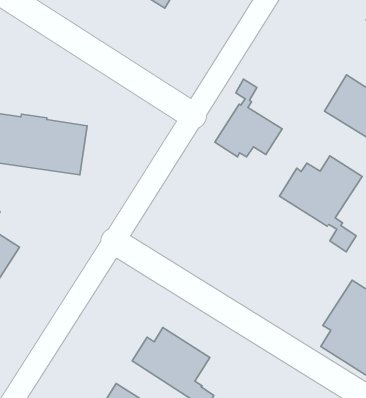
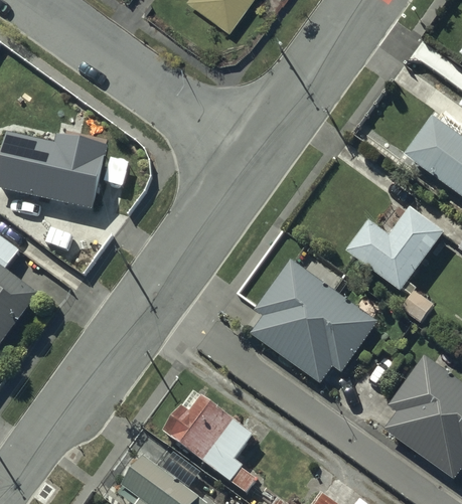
building: [215,79,282,157] -> none
building: none -> [250,259,376,382]

